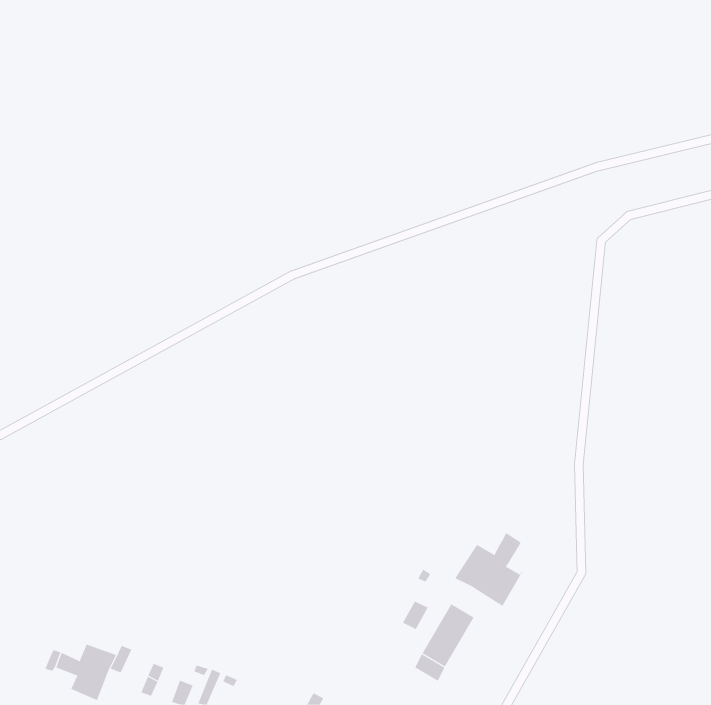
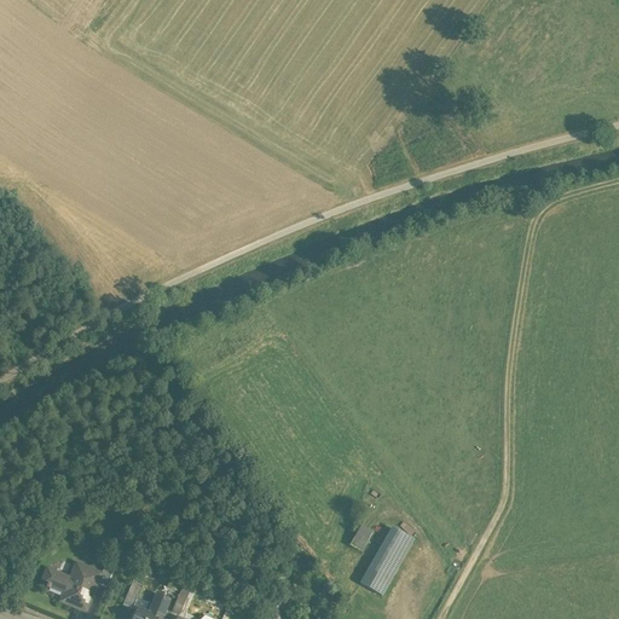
building: [454,532,523,607] -> none

